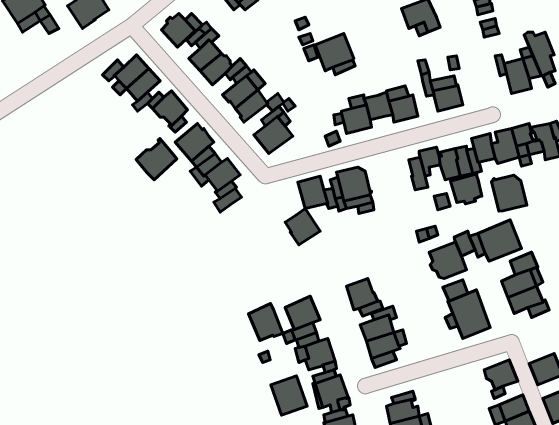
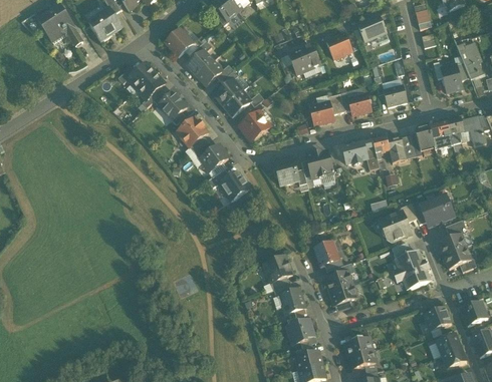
building: none -> [326,33,352,59]
building: [136,138,177,180] -> none
building: [451,174,482,204] -> [342,141,367,165]
building: [491,175,527,211] -> none
building: [285,209,320,245] -> [221,171,249,201]
building: [248,303,283,341] -> none
building: [271,376,307,415] -> none

